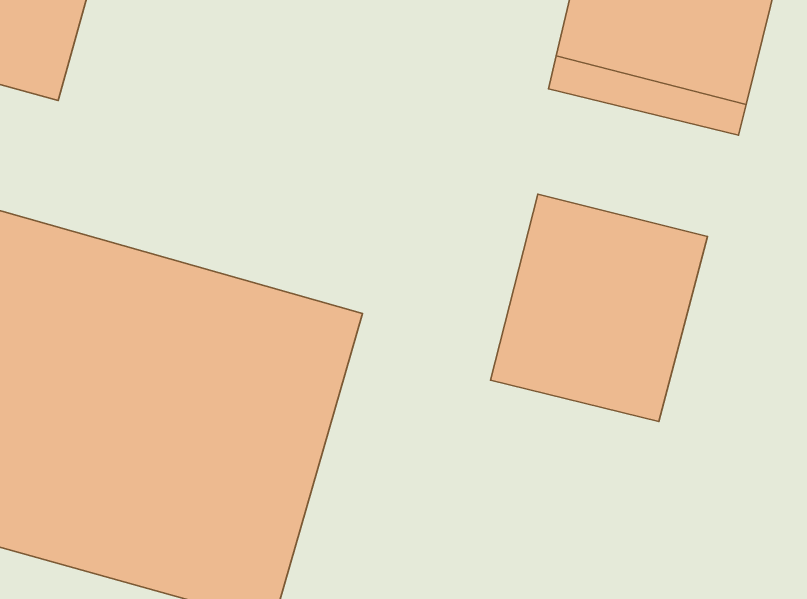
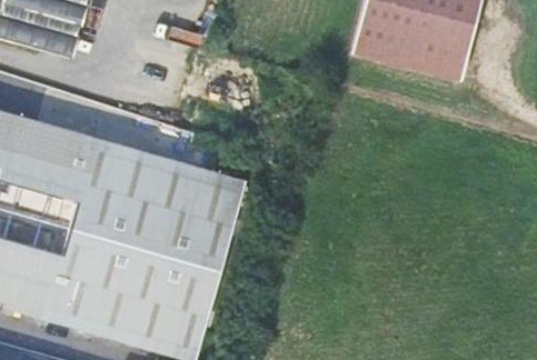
building: [490,194,708,422] -> none

